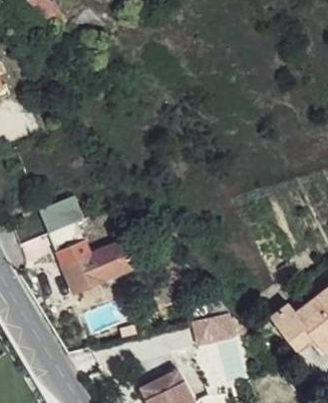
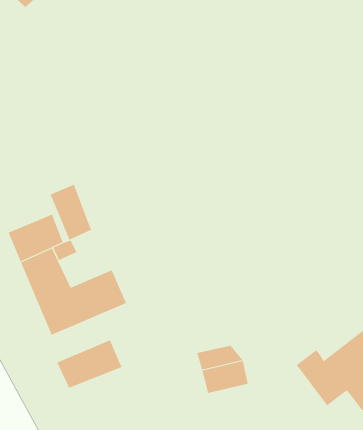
building: none -> [50,184,92,241]
building: none -> [57,339,122,389]

